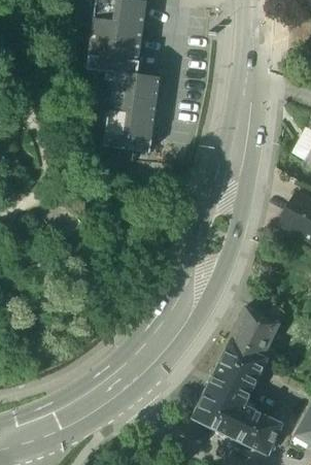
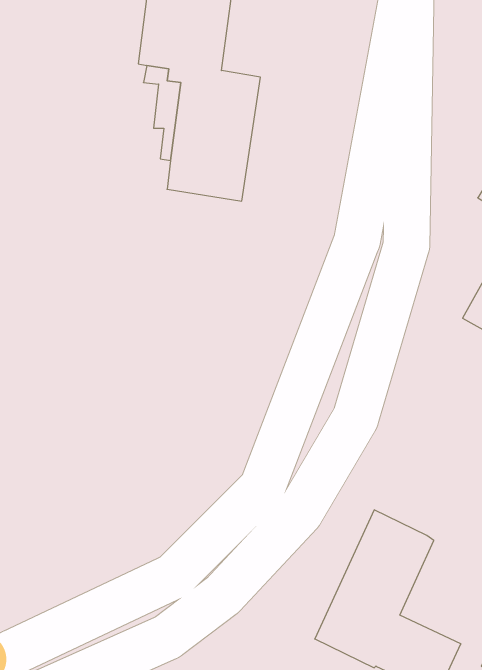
building: [230,303,286,355] -> none

